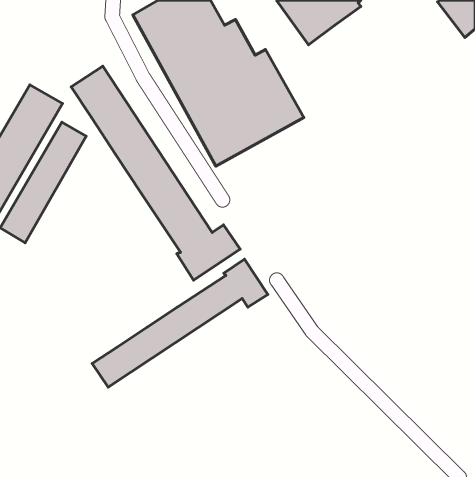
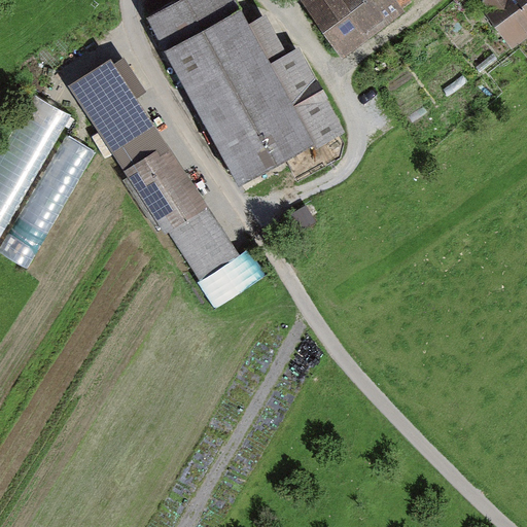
building: [92,259,268,387] -> none

